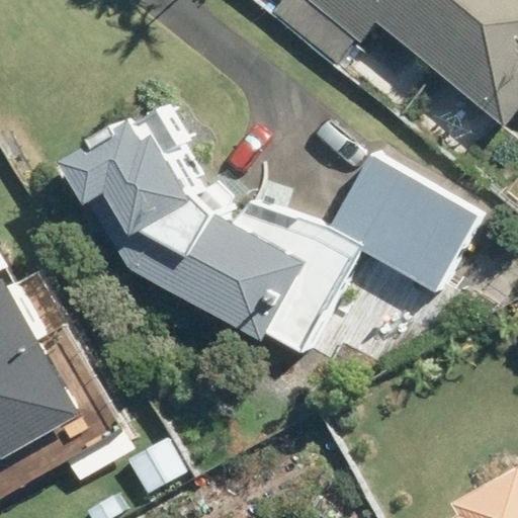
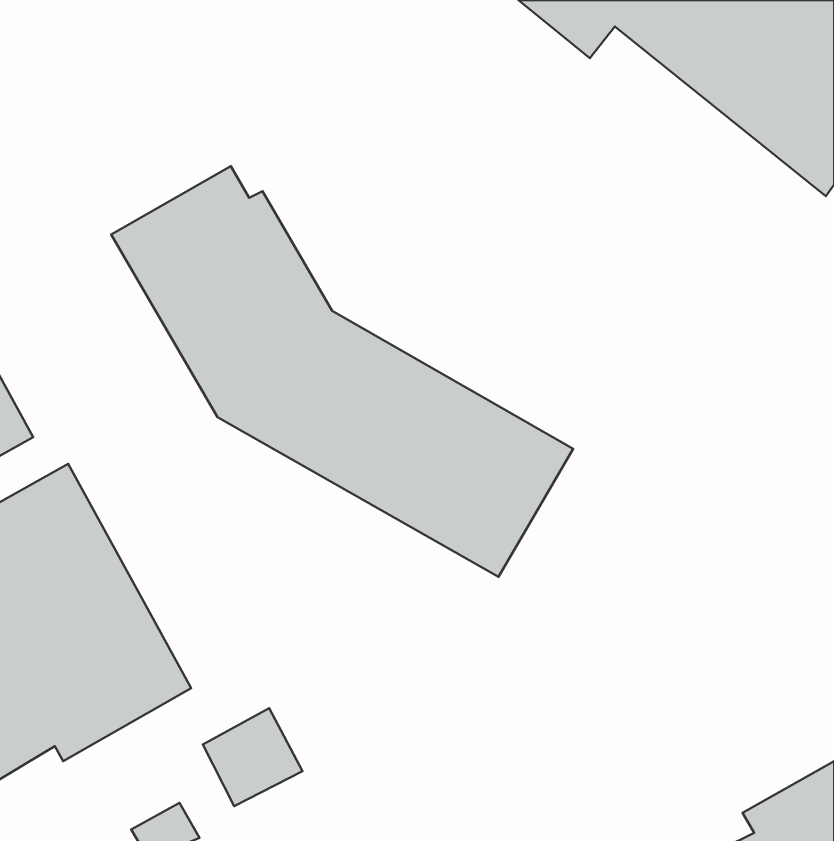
building: [327,157,476,291] -> none

